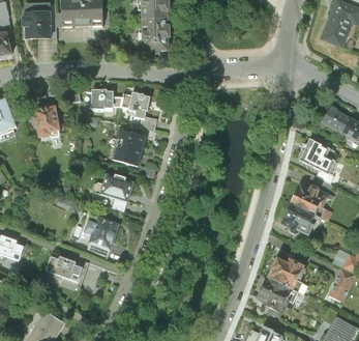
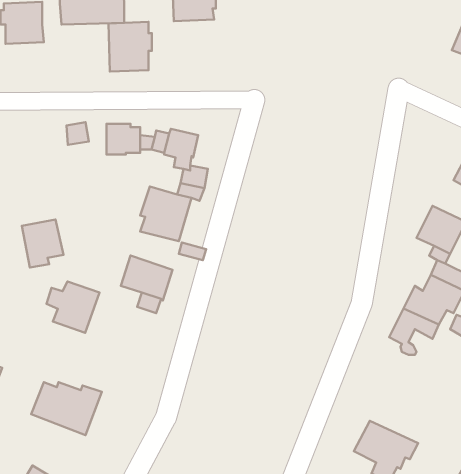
building: [140,20,168,52] -> [108,22,152,72]
building: [38,104,65,135] -> [22,219,64,268]
building: [90,215,124,248] -> [47,281,100,333]
building: [266,259,302,293] -> none

